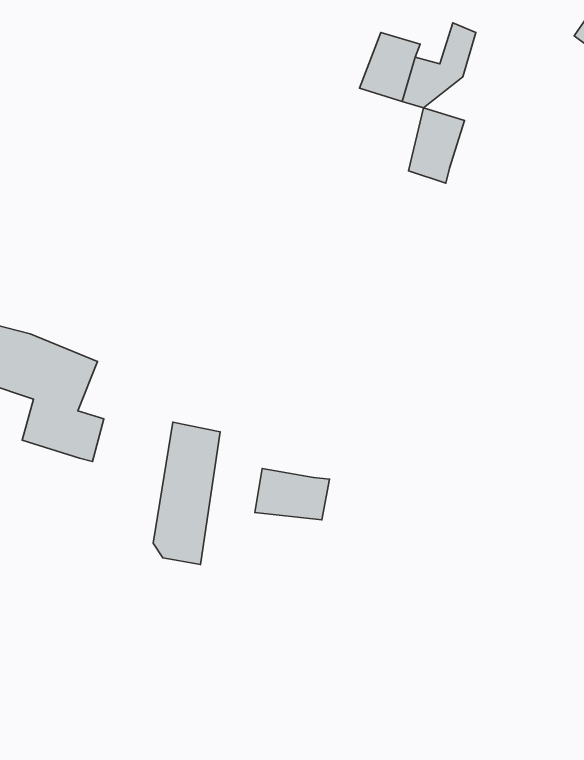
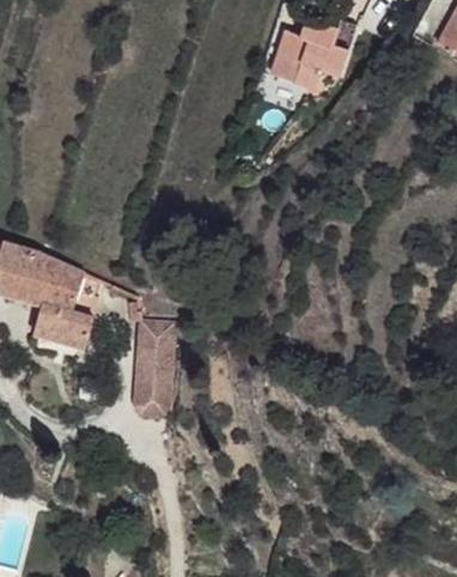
building: [408,108,464,183] -> none
building: [255,468,329,520] -> none

